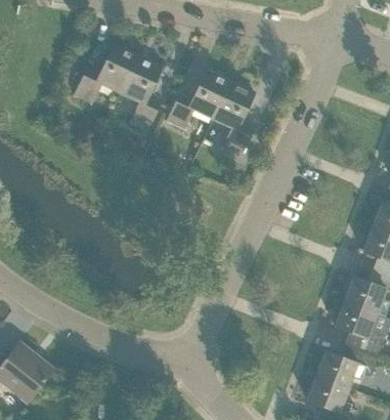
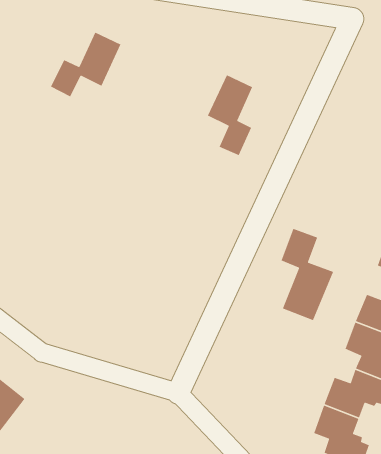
building: [121,54,163,128] -> none
building: [168,70,231,127] -> none
building: none -> [280,228,334,321]

